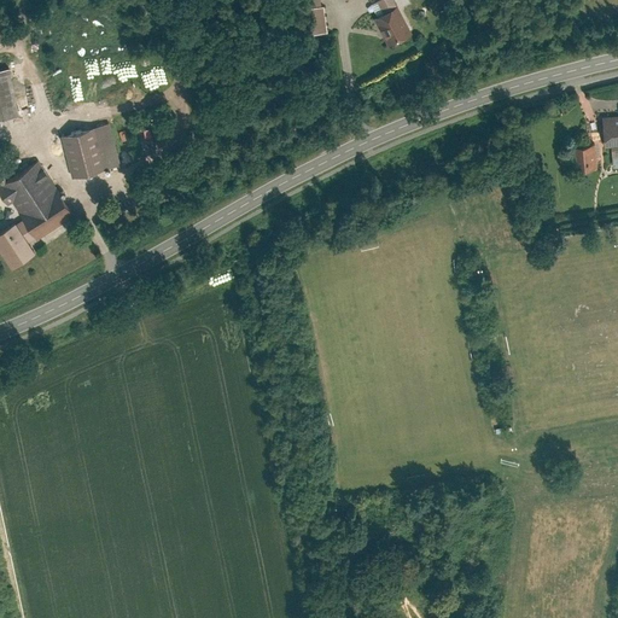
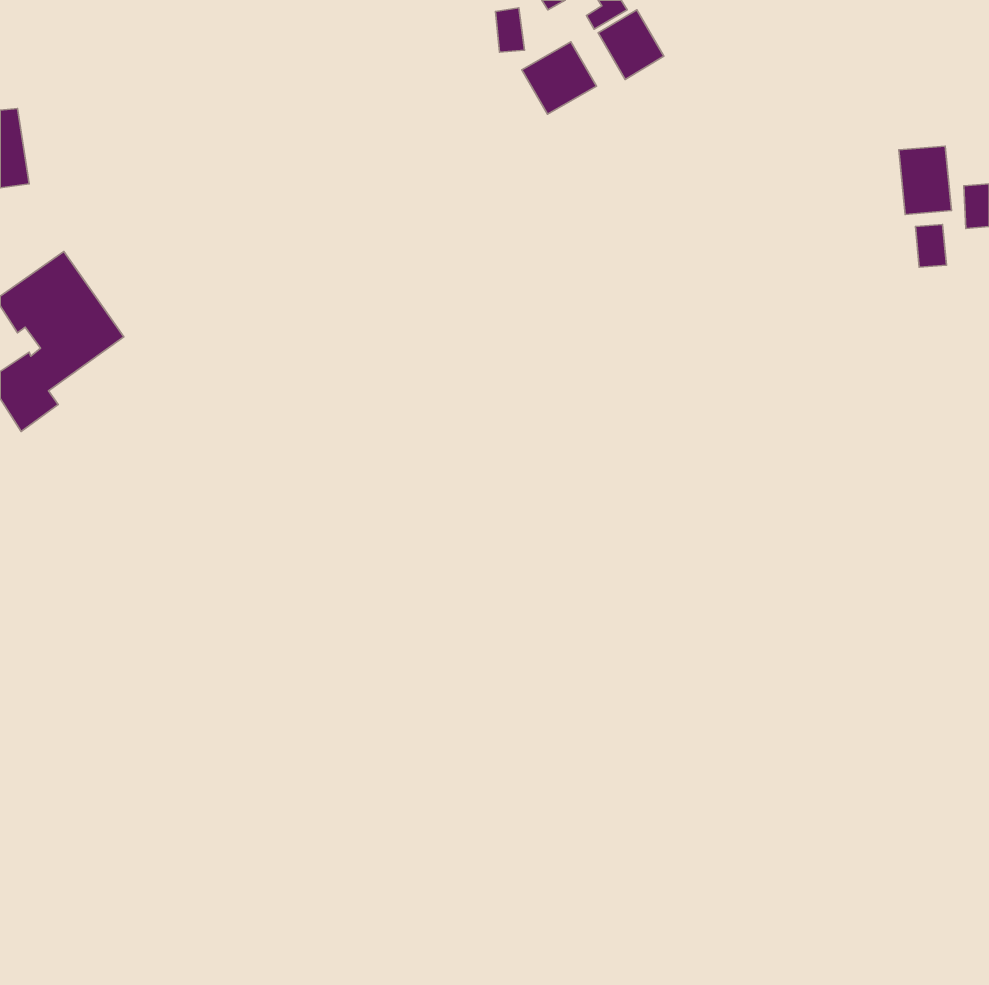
building: none -> [522,42,597,114]
building: none -> [899,146,951,214]
building: [58,126,116,179] -> none

